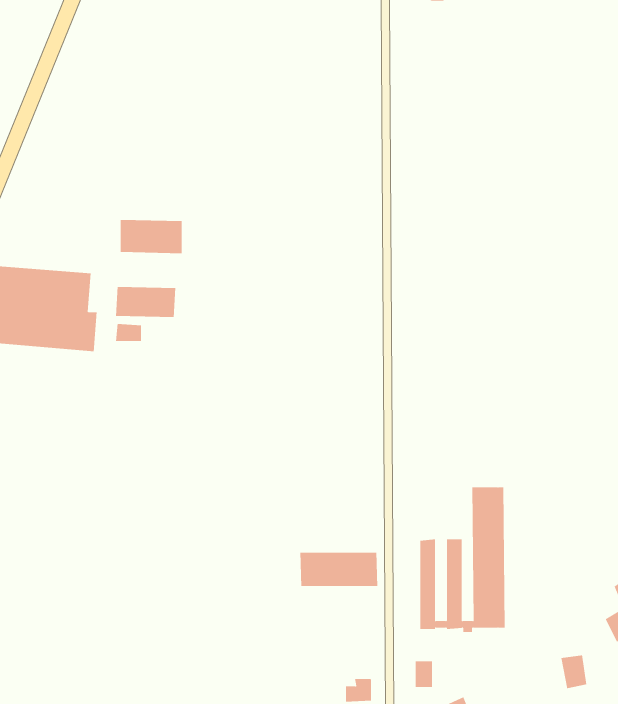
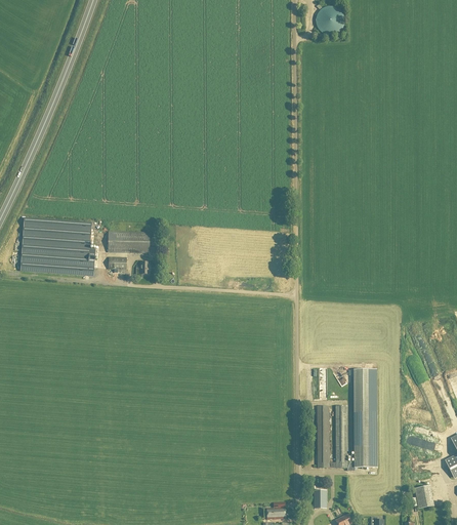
building: [120,219,182,254] -> none
building: [300,552,378,587] -> none

